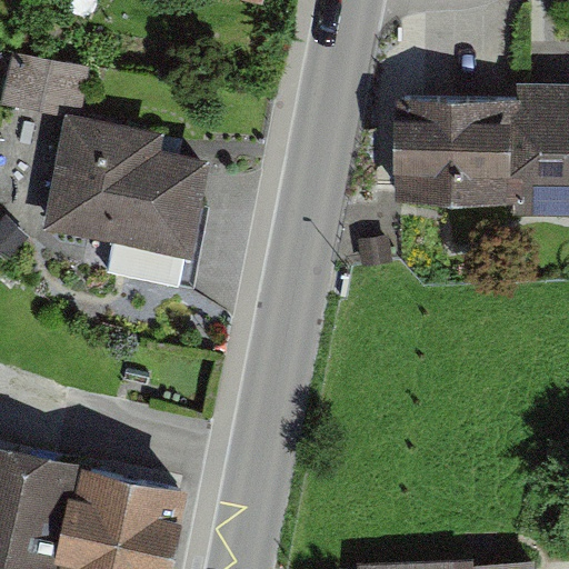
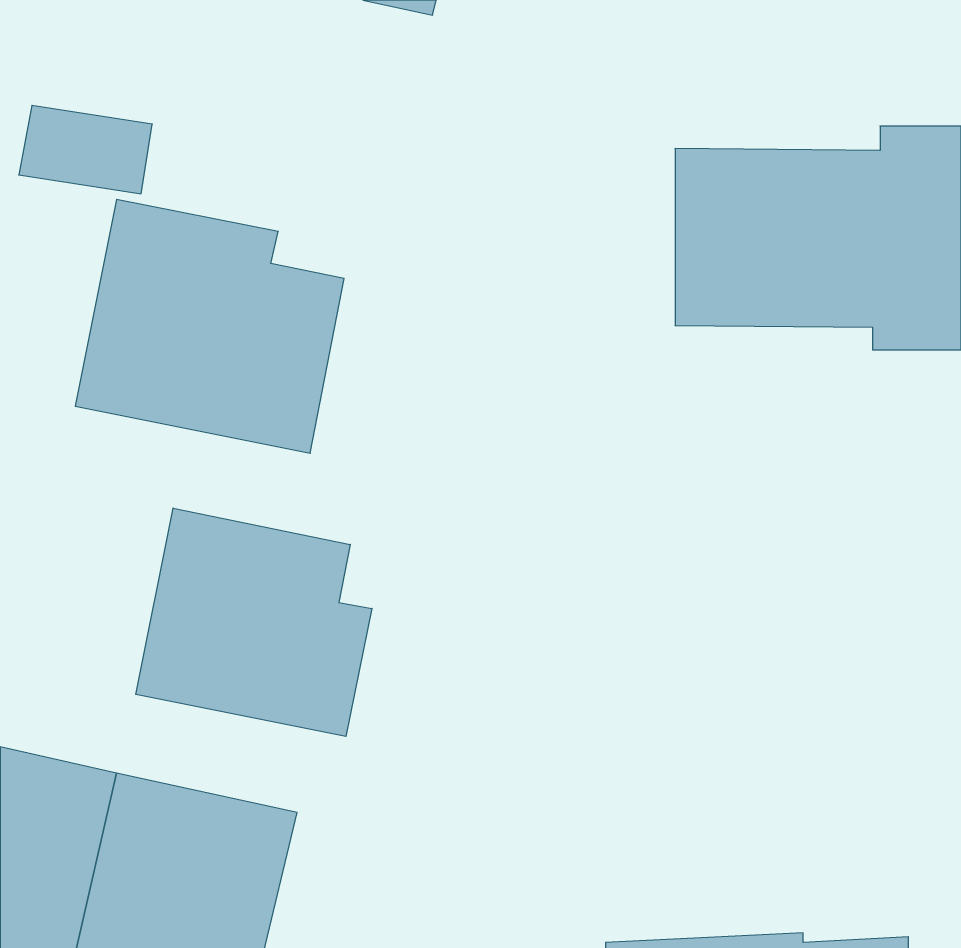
building: none -> [136,508,372,736]

